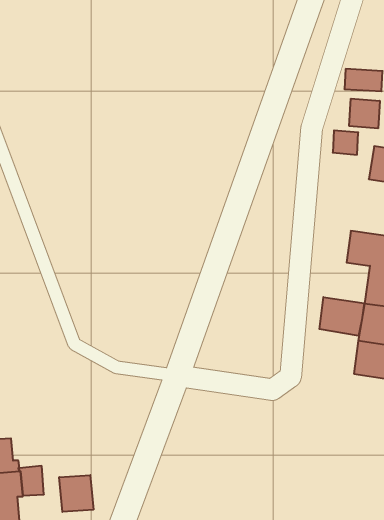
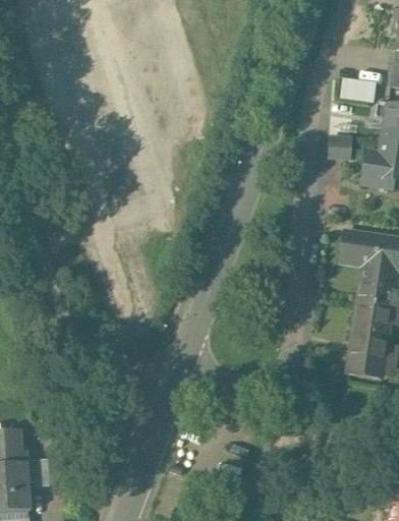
building: [349,99,380,128] -> none
building: [319,297,364,336] -> none
building: [59,475,93,512] -> none

